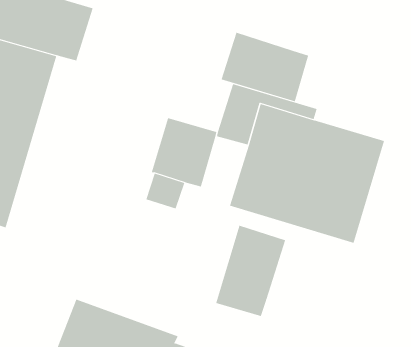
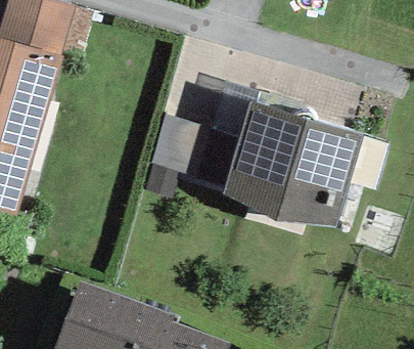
building: [221,32,309,102] -> none
building: [216,225,286,317] -> none

